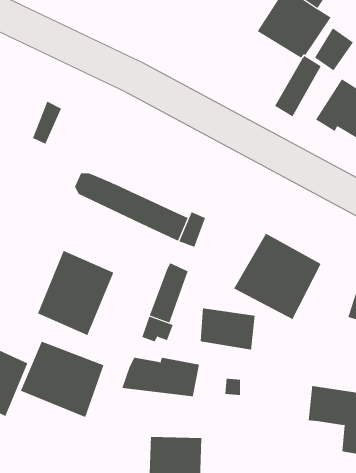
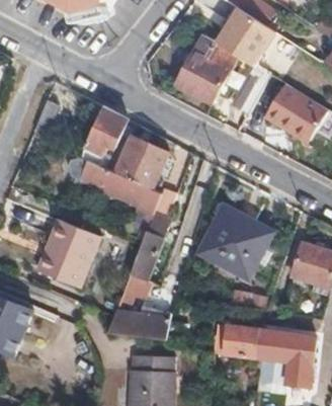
building: none -> [176,34,235,101]
building: none -> [80,106,127,165]
building: none -> [114,135,168,189]
building: [200,308,256,350] -> [216,324,261,358]
building: [20,341,104,418] -> none

